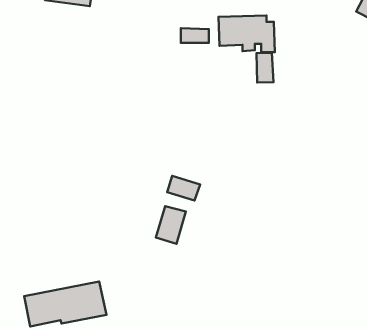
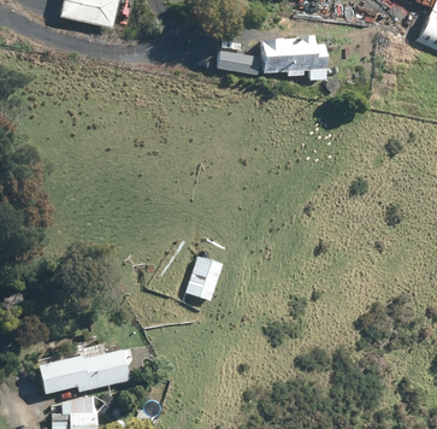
building: [257,53,274,82] -> none
building: [167,176,200,200] -> none

